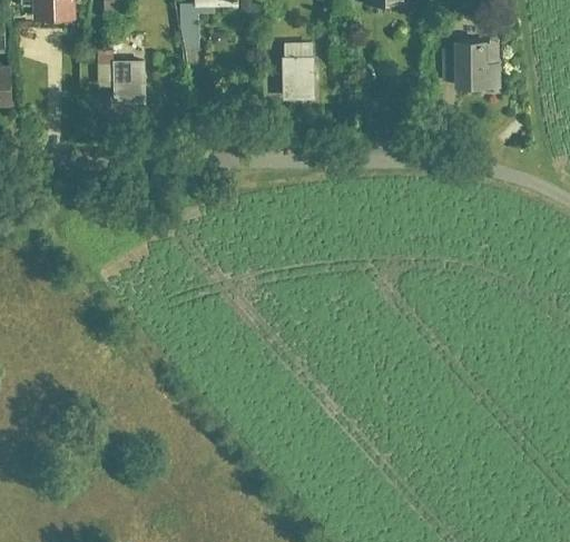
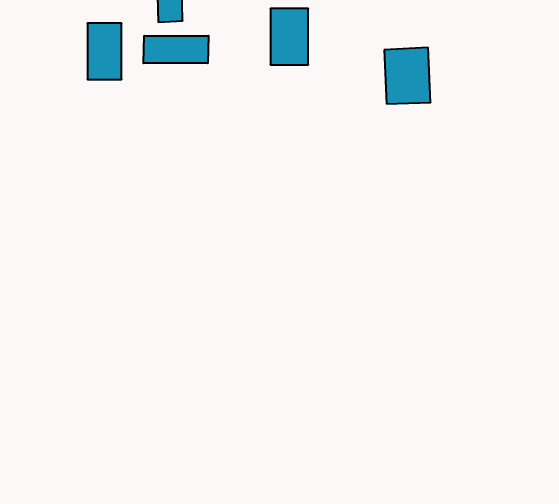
building: [458,40,500,91] -> [384,48,431,104]
building: none -> [143,36,209,63]

